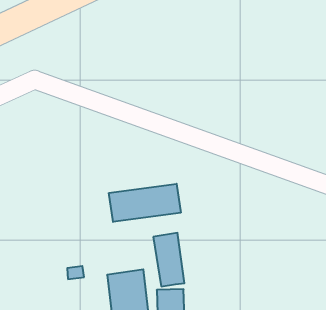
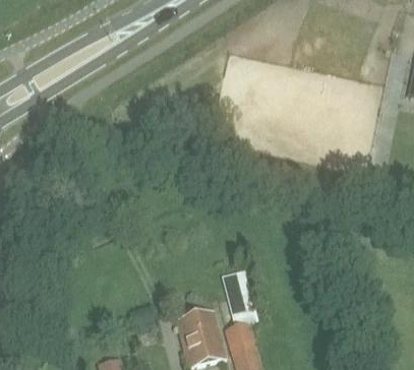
building: [109,184,181,222] -> none

